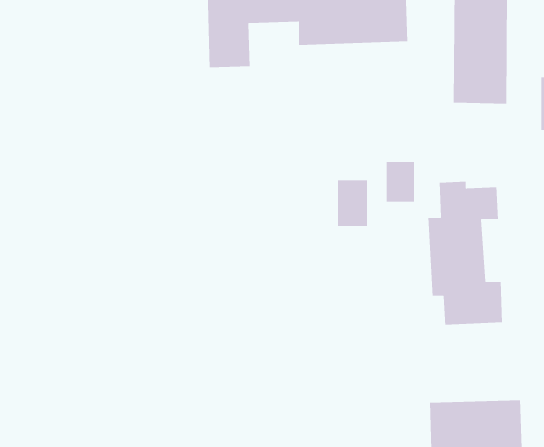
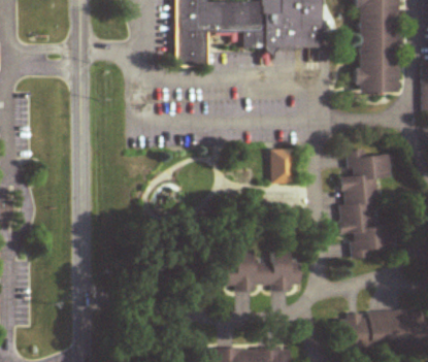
building: [386,161,415,202] -> none
building: none -> [227,251,301,290]

